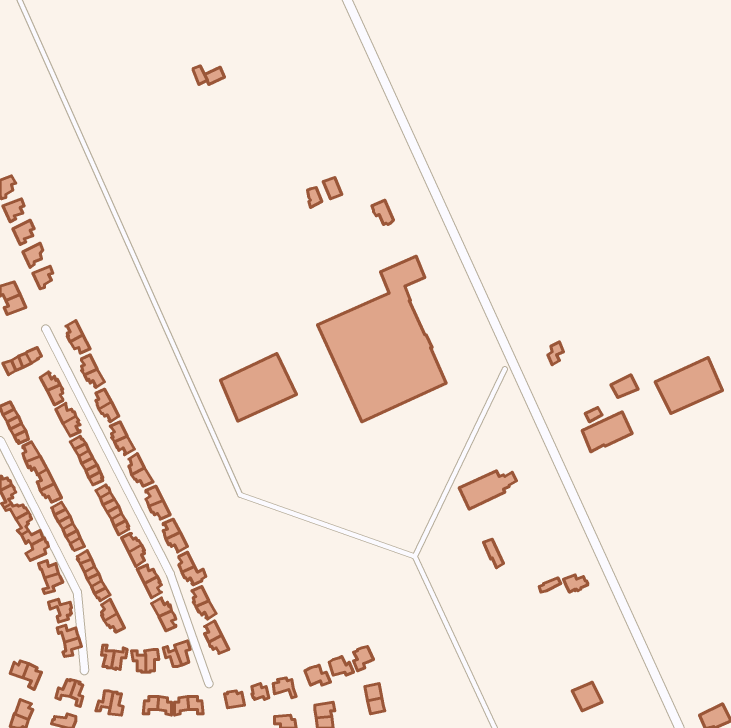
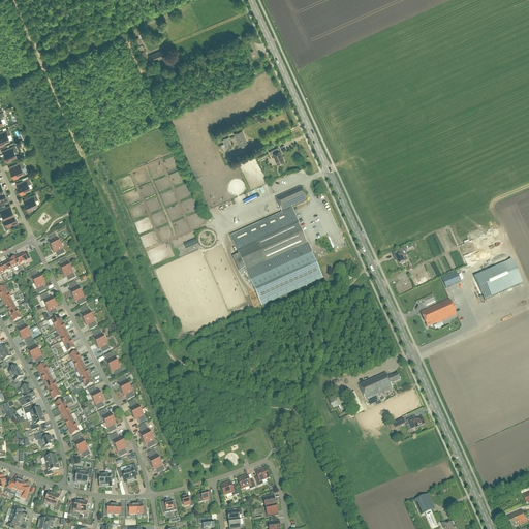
building: [220,354,296,421] -> none
building: [459,471,516,509] -> [359,371,400,399]

